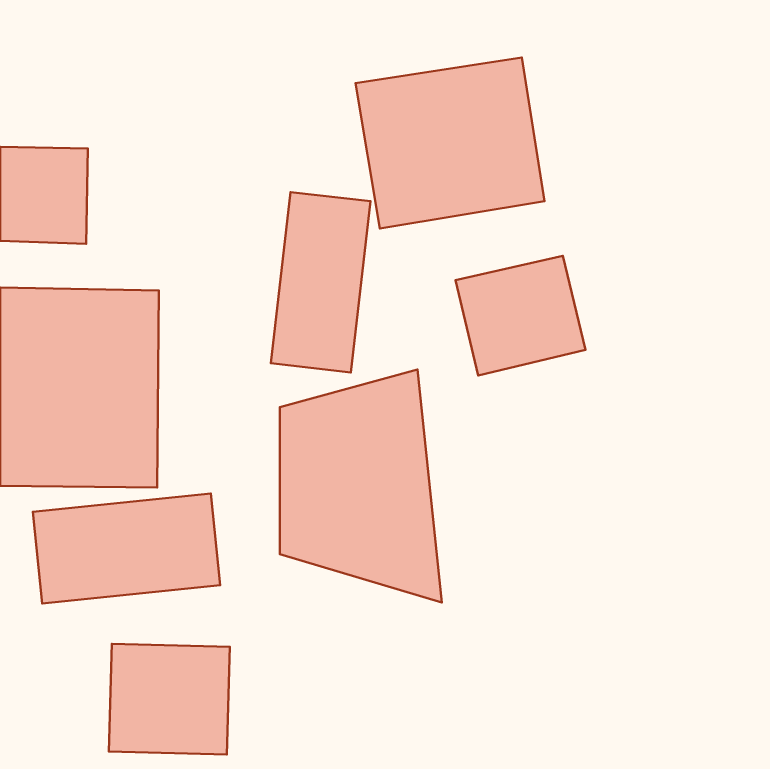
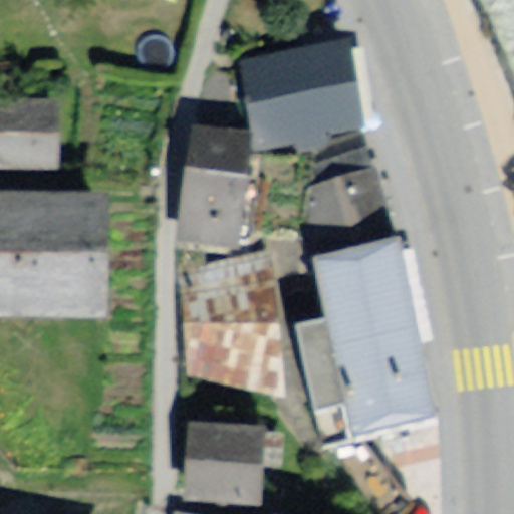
building: none -> [310,247,436,446]
building: [33,493,220,604] -> none
building: [109,644,230,754] -> [181,430,261,503]

